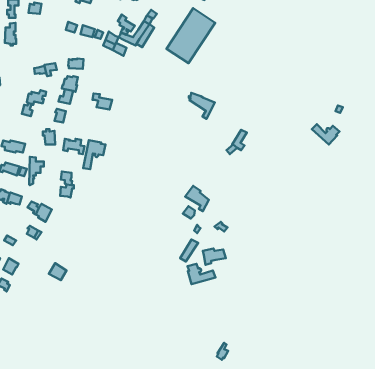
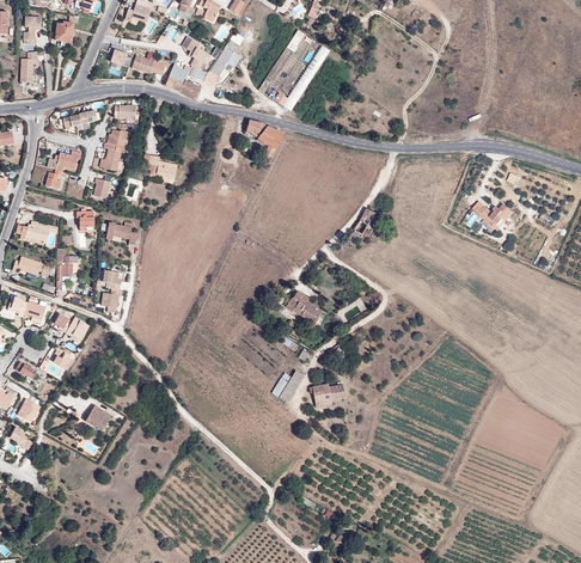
building: [189,93,215,119] -> [245,120,283,158]
building: [83,140,105,169] -> none
building: [187,264,215,284] -> none

